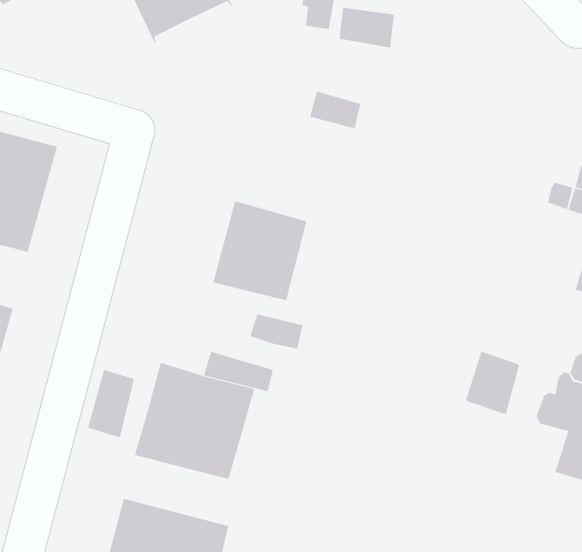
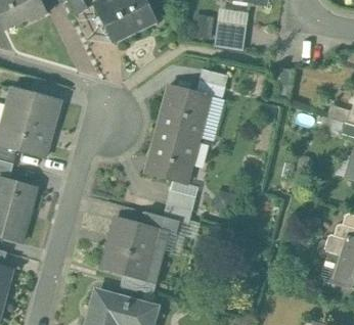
building: none -> [158,86,210,140]
building: [465,351,520,415] -> none
building: [88,369,134,438] -> none

